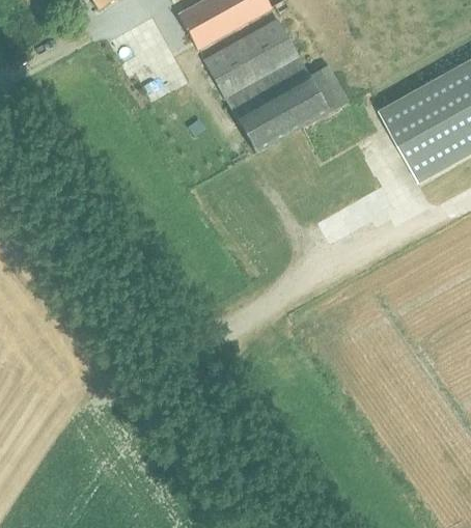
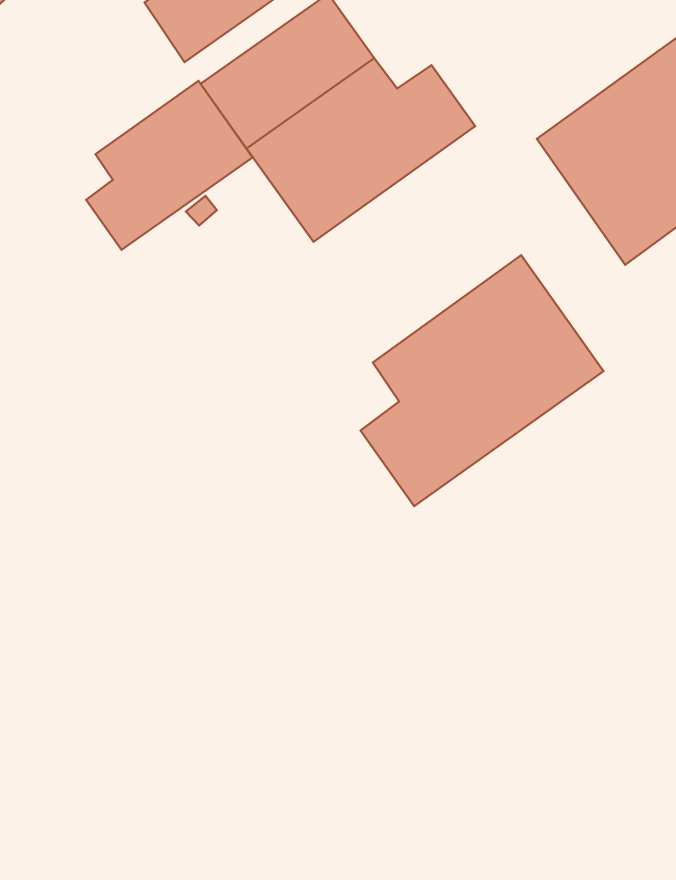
building: none -> [86,81,252,250]
building: none -> [360,255,604,506]

